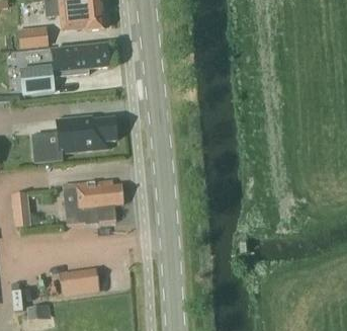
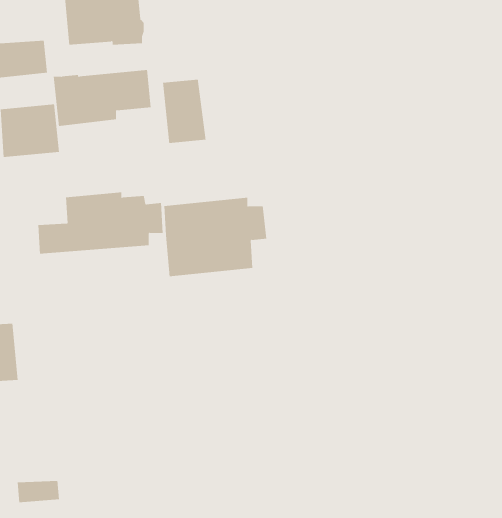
building: none -> [163,79,206,144]
building: [63,179,123,226] -> [163,197,267,277]
building: [64,265,106,295] -> none

